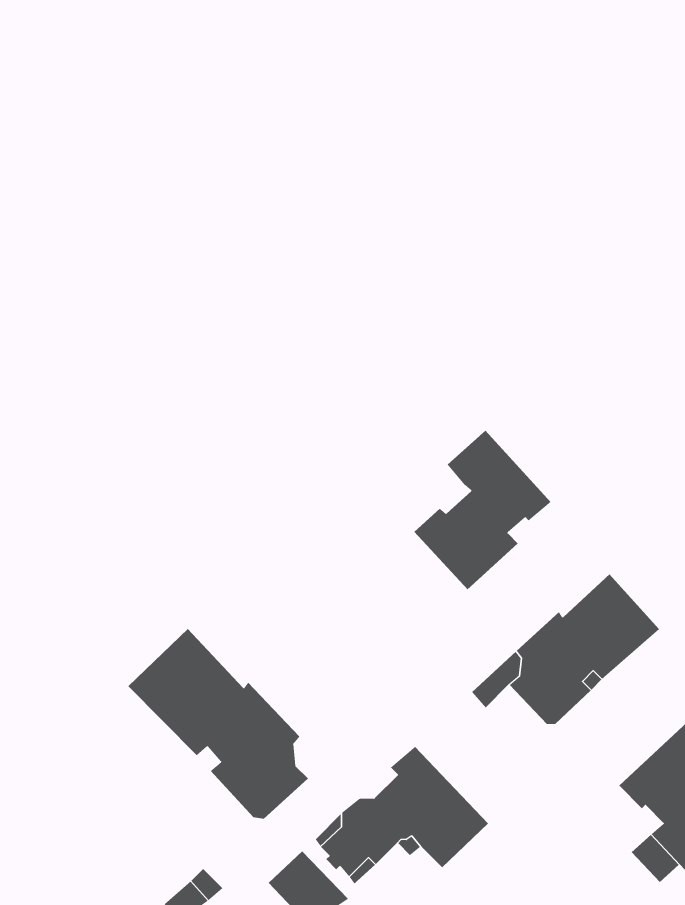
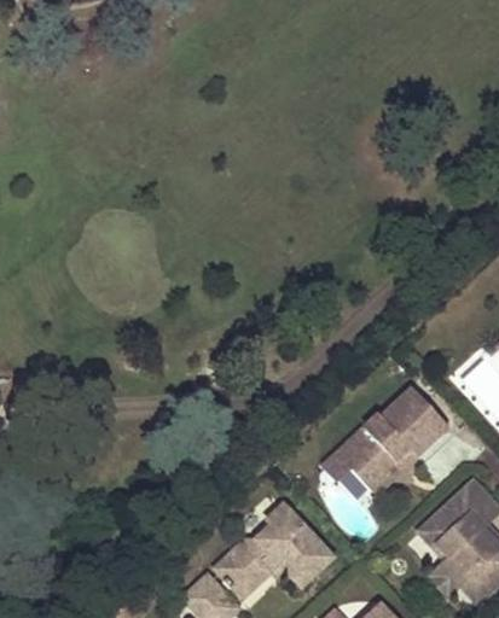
building: [413,430,551,590] -> none
building: [128,628,309,819] -> none

